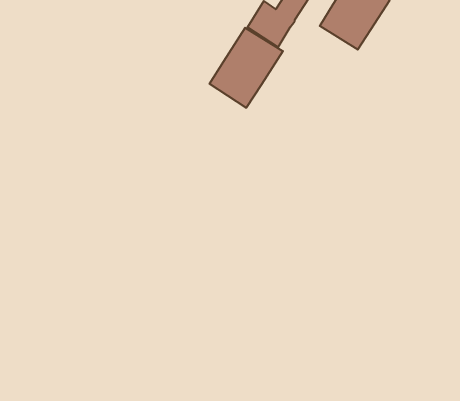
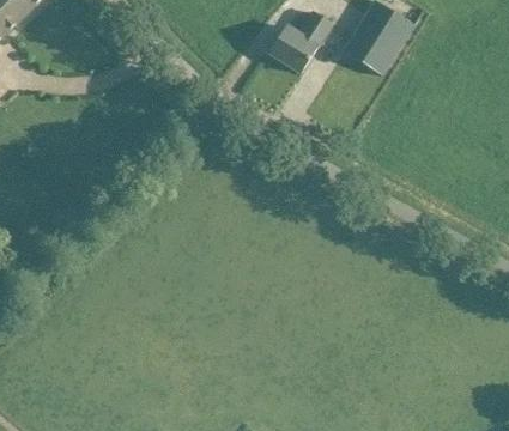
building: [210,28,283,108] -> none

